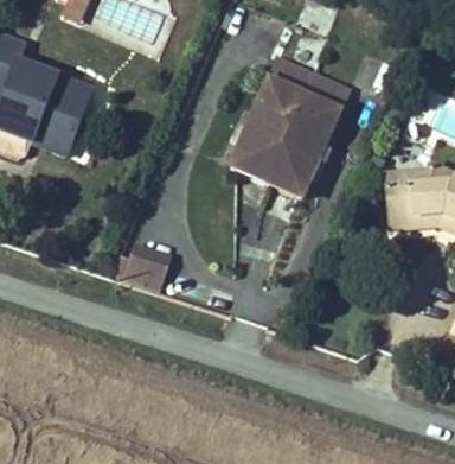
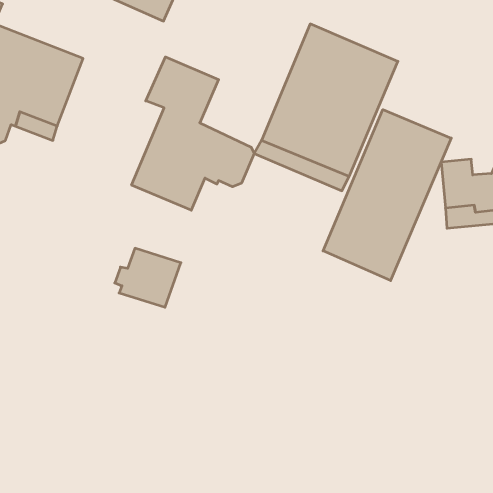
building: none -> [132,57,254,210]
building: none -> [323,110,451,281]

